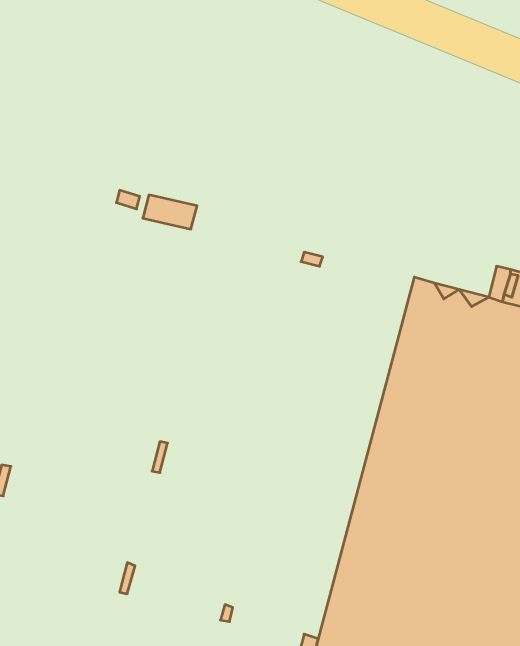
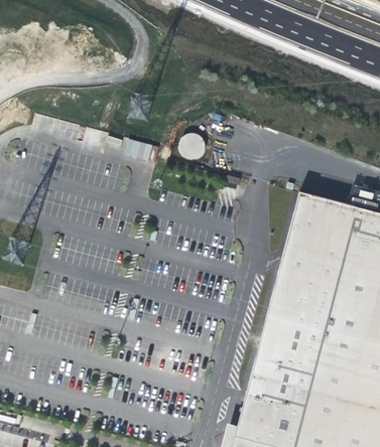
building: none -> [179,134,205,159]

